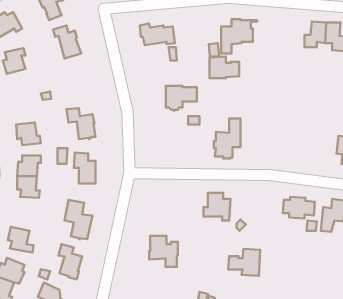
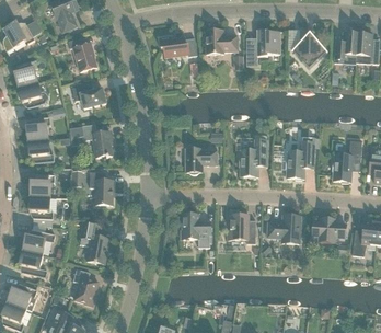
building: none -> [290,30,326,67]
building: [209,57,239,78] -> [205,30,236,53]
building: none -> [18,82,47,107]
building: none -> [71,83,105,107]
building: [166,86,197,111] -> [184,148,217,174]
building: none -> [25,117,49,141]
building: none -> [285,137,314,180]
building: none -> [331,140,361,182]
building: none -> [22,229,55,254]
building: [149,236,178,267] -> [180,214,210,246]
building: [228,249,260,276] -> [266,215,300,243]

